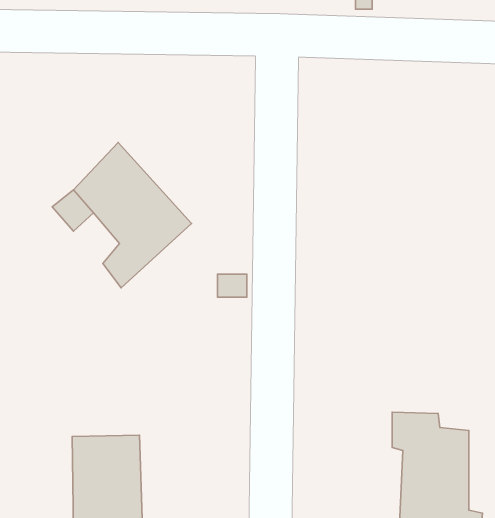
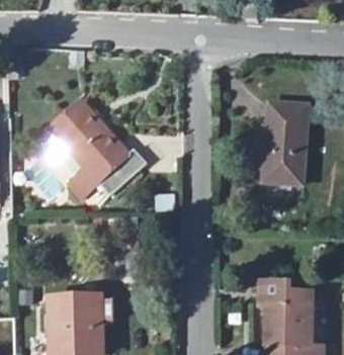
building: none -> [262,98,308,180]

